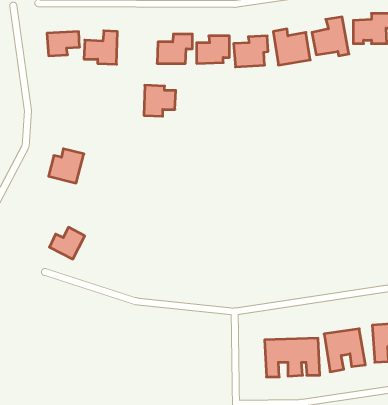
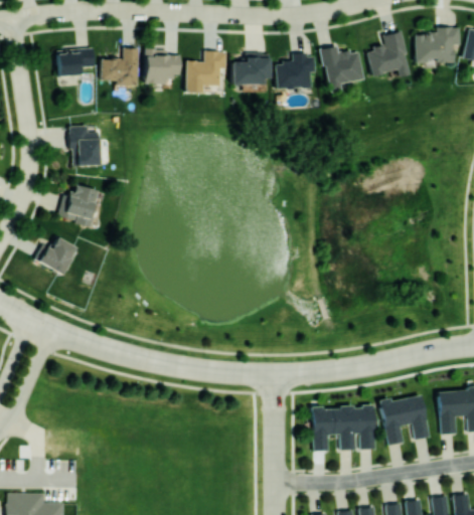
building: [144,85,176,116] -> [144,48,181,84]
building: none -> [70,126,100,166]
building: [49,227,85,259] -> [35,237,76,275]

